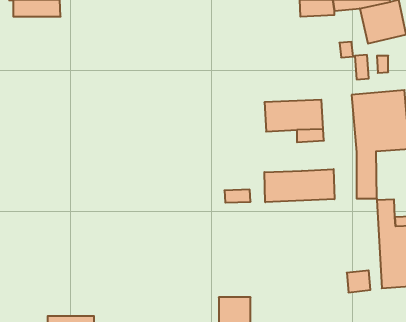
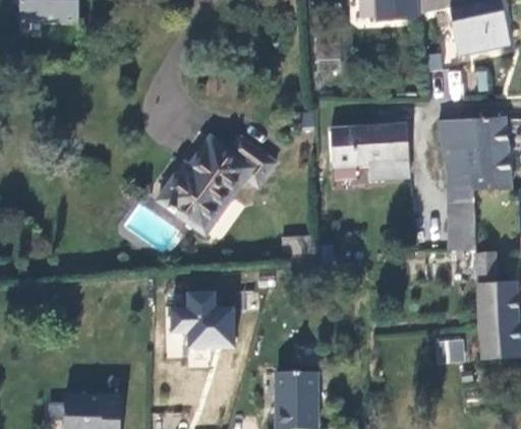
building: none -> [157,137,276,241]
building: [264,169,334,202] -> none
building: none -> [165,291,235,367]

